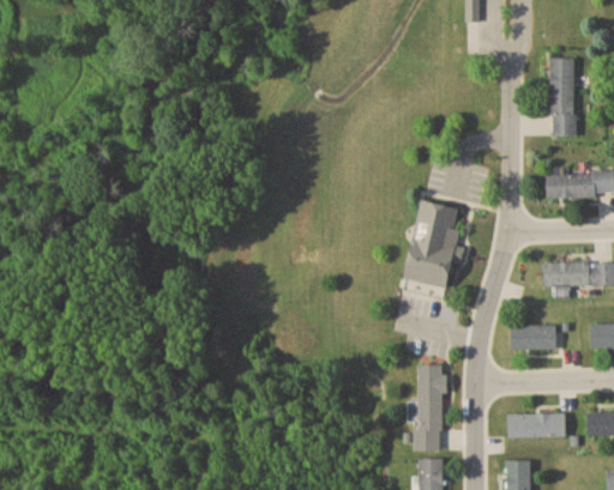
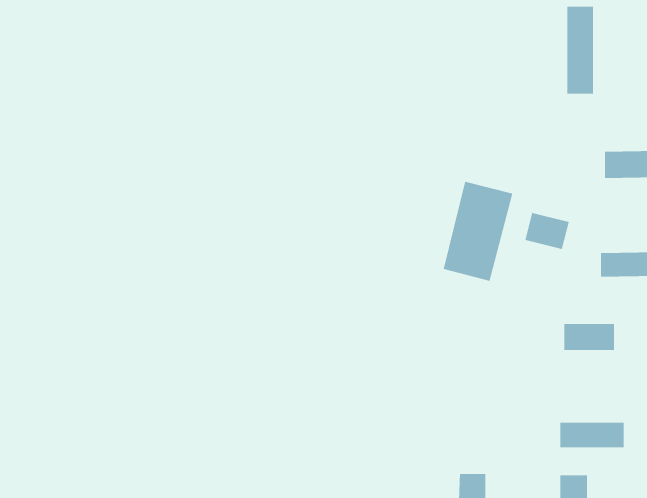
building: [550,58,574,135] -> [567,6,594,94]
building: none -> [525,212,569,250]
building: [416,364,445,450] -> none

